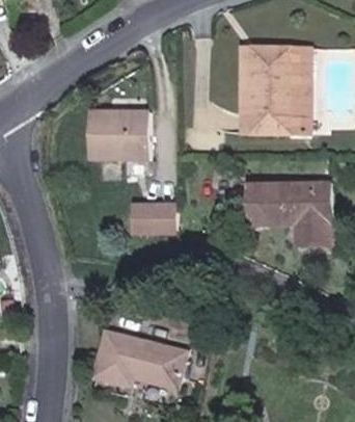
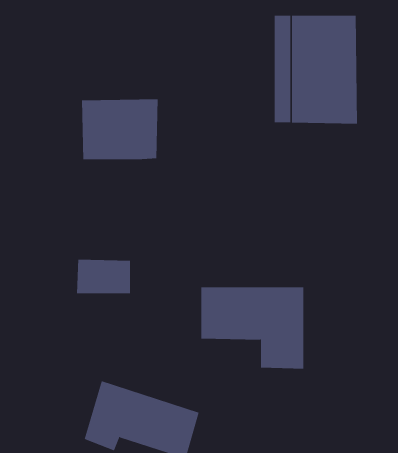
building: [250,183,331,247] -> [200,287,304,369]
building: [132,204,174,231] -> [76,259,131,294]

